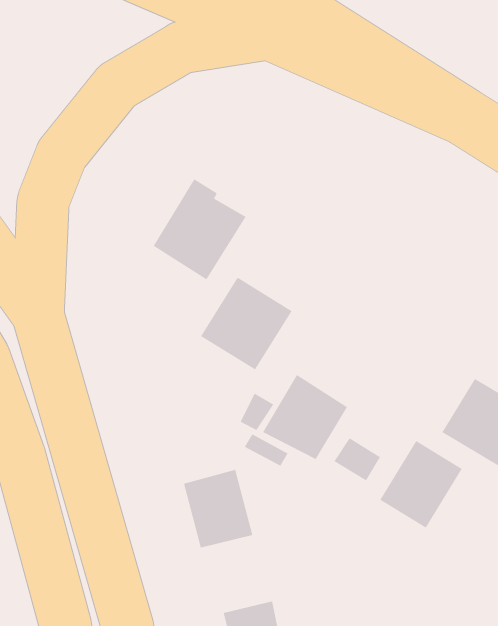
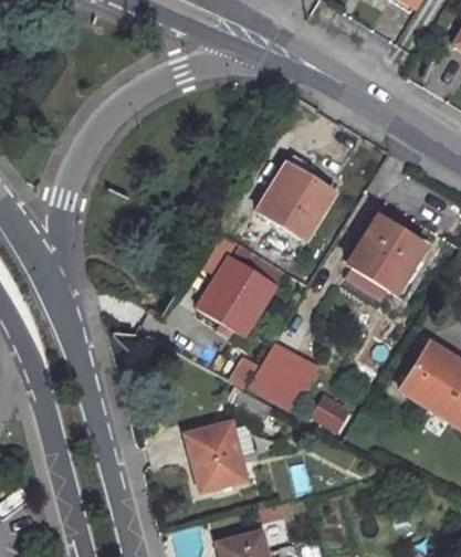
building: [153,179,247,280] -> [259,154,337,239]
building: none -> [346,218,423,294]
building: [379,440,463,529] -> none

